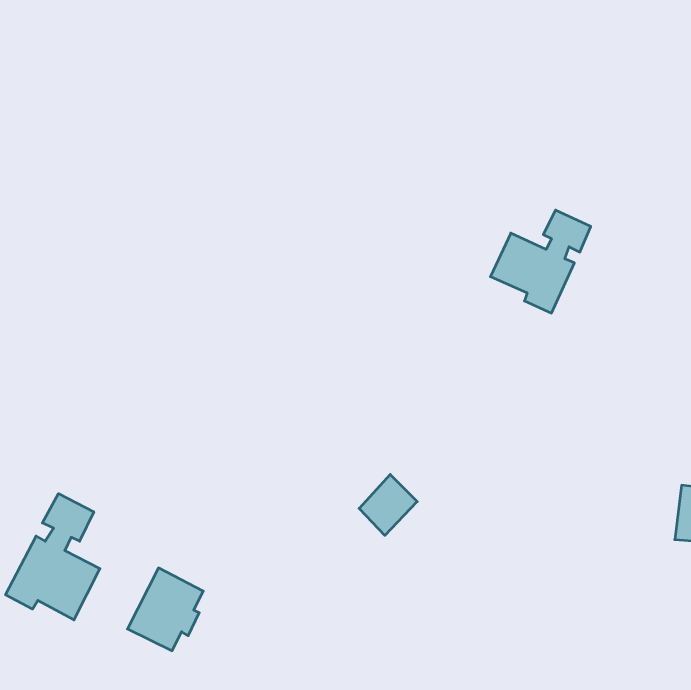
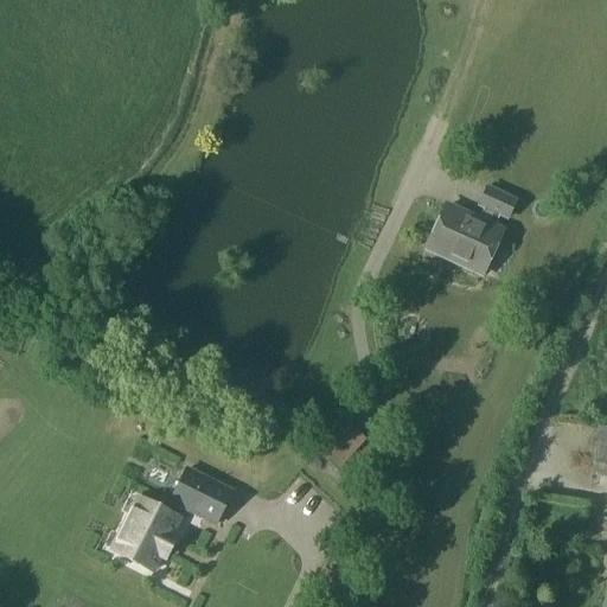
building: [6,494,100,620] -> none
building: none -> [171,467,232,522]

